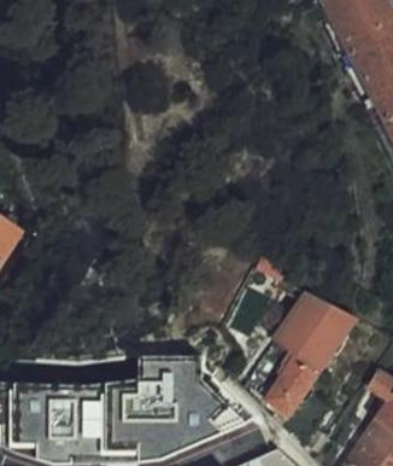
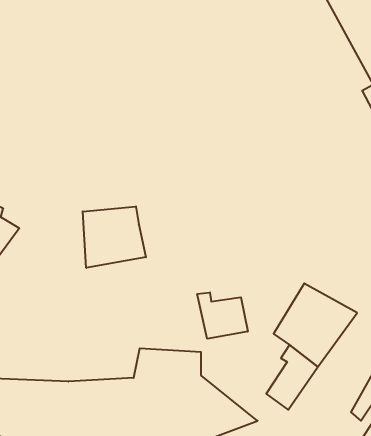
building: none -> [83,206,146,268]
building: none -> [197,292,248,339]

